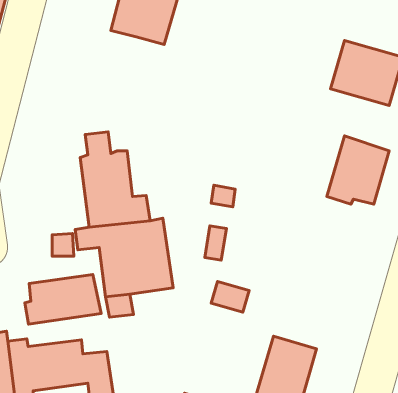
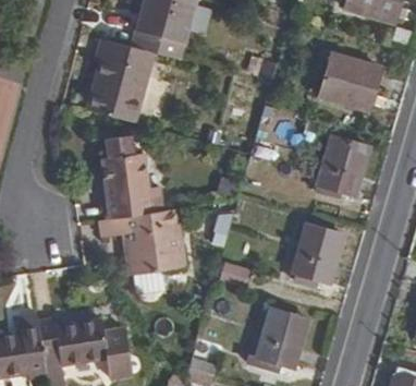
building: none -> [88,38,151,119]
building: none -> [290,225,342,282]
building: [25,274,101,324] -> none

